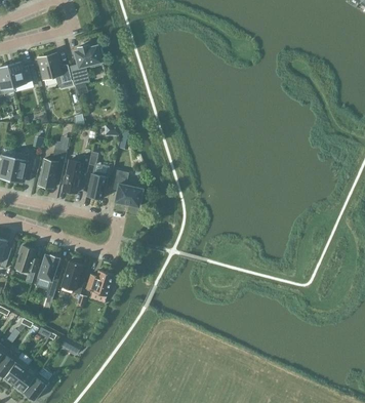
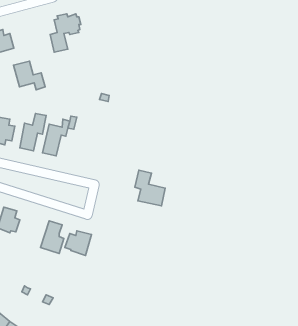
building: [38,53,71,83] -> [14,61,45,90]
building: [111,170,143,207] -> [135,170,165,206]
building: [86,171,107,199] -> none
building: [37,254,60,288] -> none

